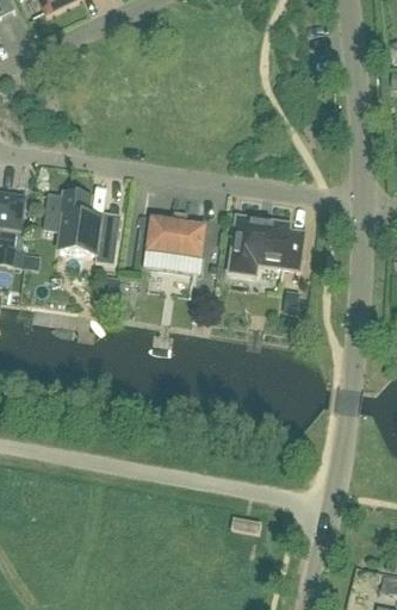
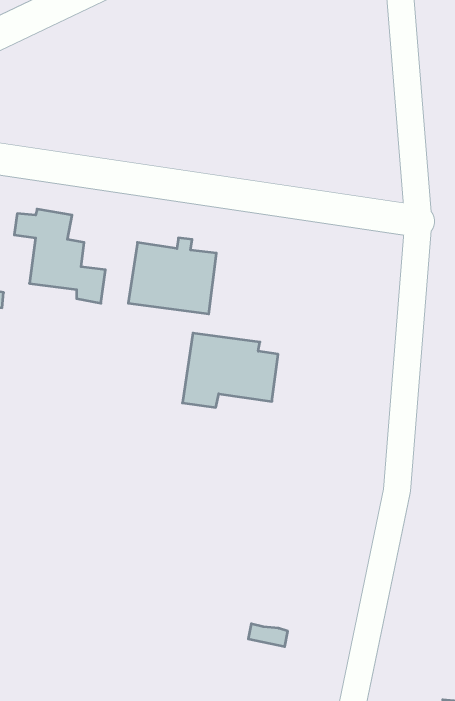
building: [229,216,304,274] -> [182,333,278,407]

